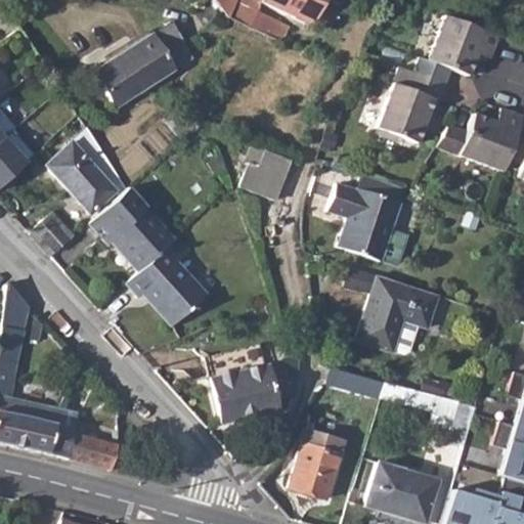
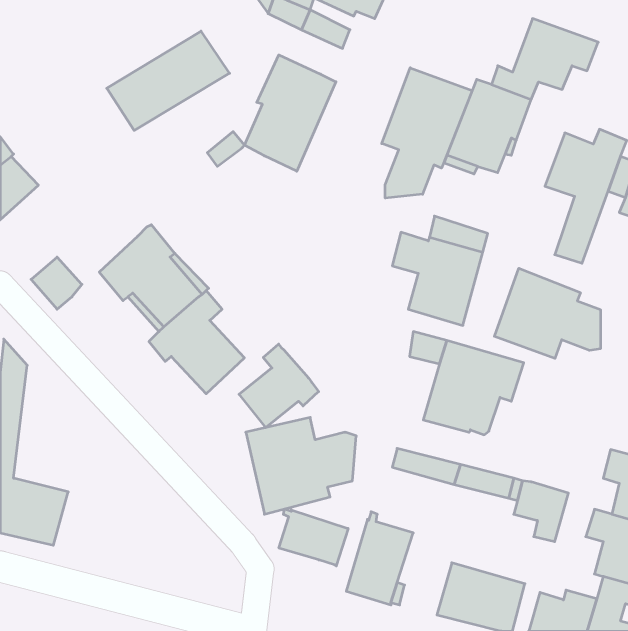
building: none -> [244,55,336,171]
building: none -> [382,68,472,198]
building: [46,126,126,212] -> none
building: [248,154,289,203] -> none
building: none -> [494,268,600,358]
building: none -> [239,344,319,428]
building: [49,405,116,466] -> none
building: none -> [279,509,348,566]

